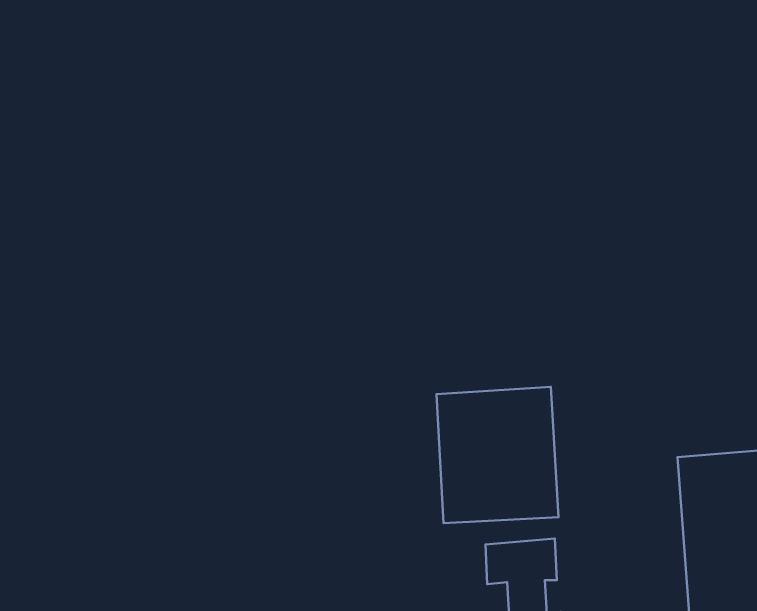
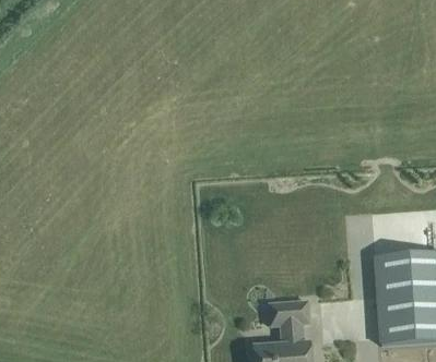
building: [436,387,558,523] -> none

